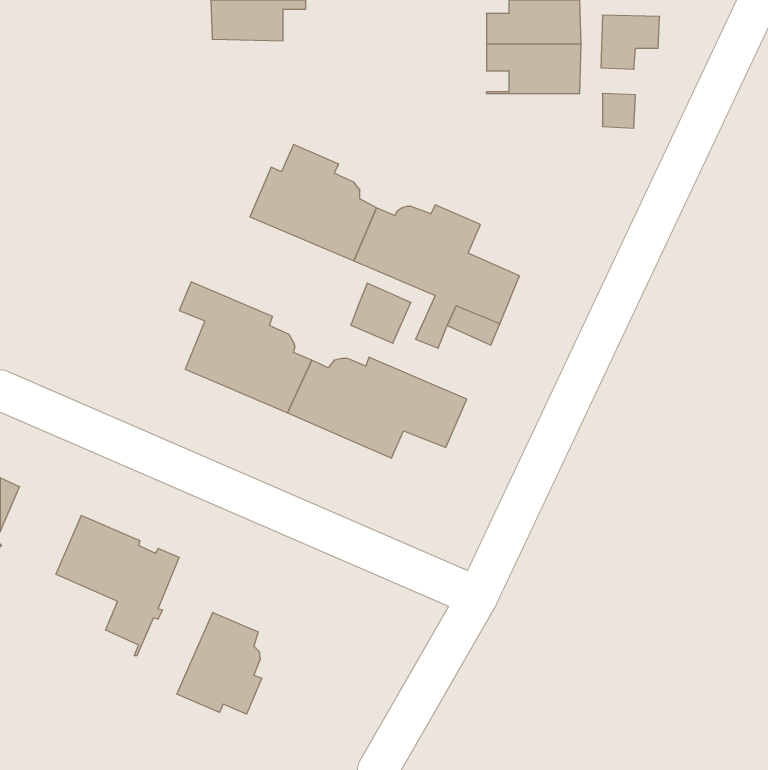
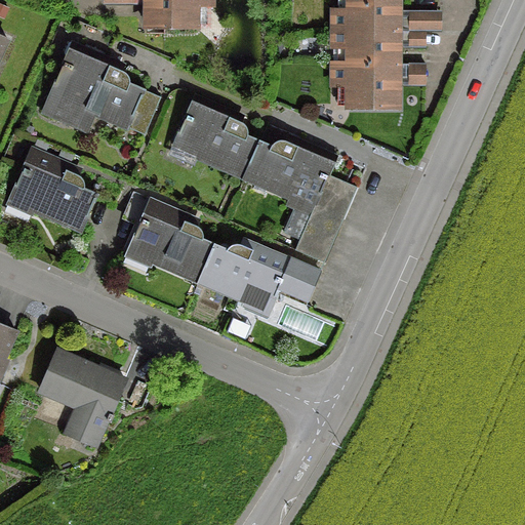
building: none -> [43,46,159,135]
building: none -> [332,64,396,108]
building: none -> [8,148,95,231]
building: [351,283,411,343] -> [294,221,335,262]
building: [177,612,262,714] -> none

